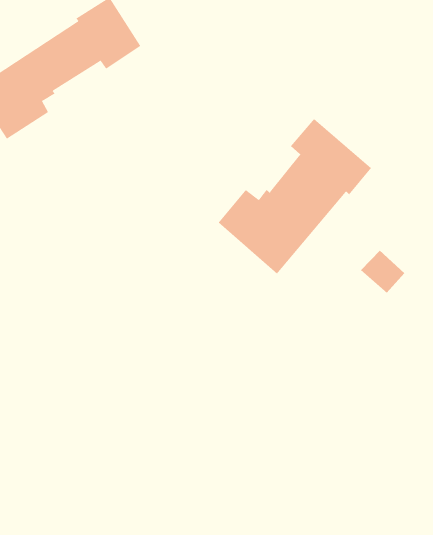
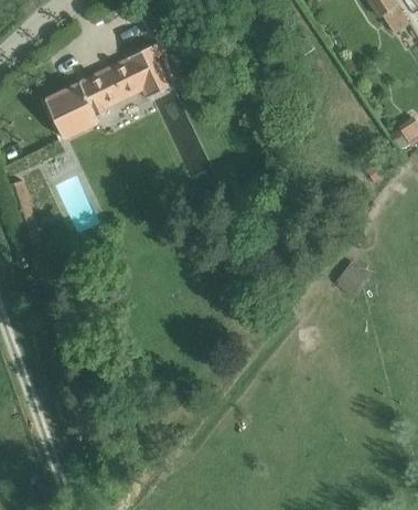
building: [218,118,372,275] -> none

